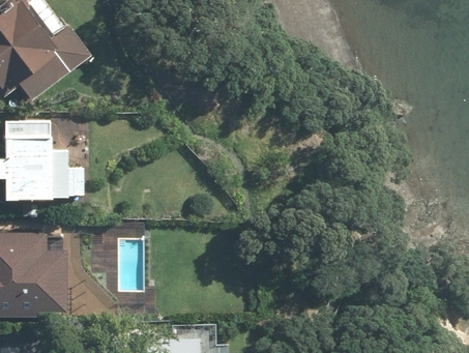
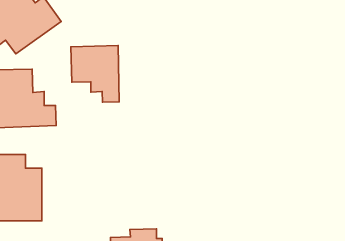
building: none -> [71,46,119,102]

